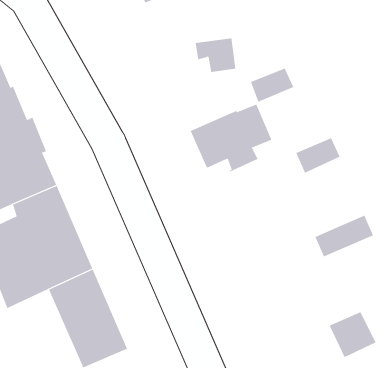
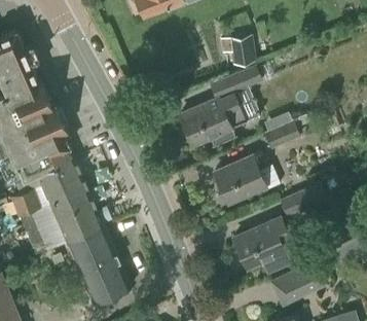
building: [195,38,236,73] -> [221,36,254,64]
building: none -> [214,152,280,203]
building: none -> [233,217,292,274]

